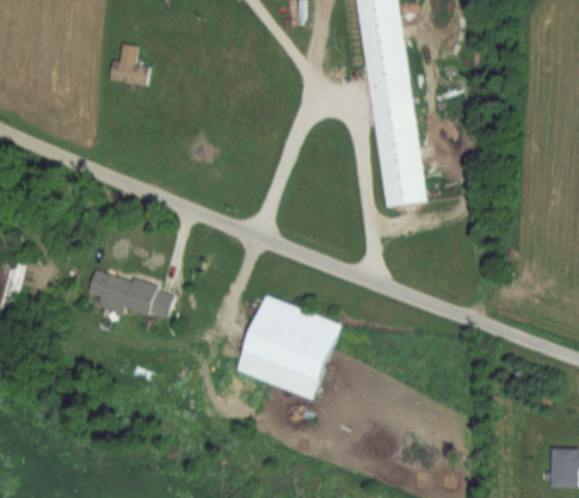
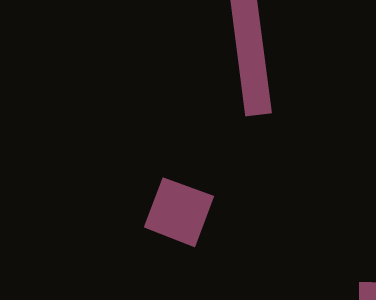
building: [109,43,149,85] -> none
building: [88,270,174,315] -> none

